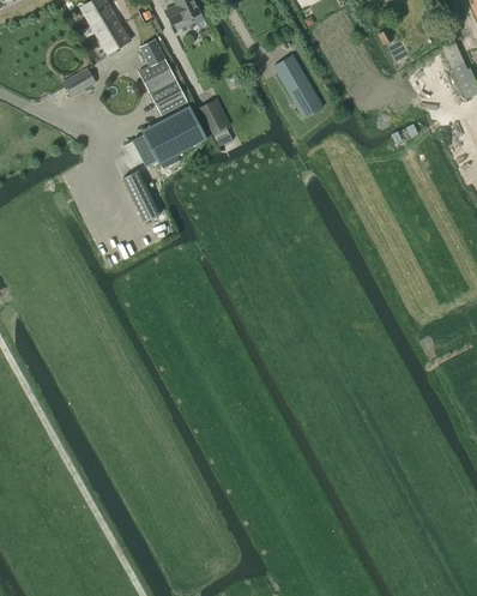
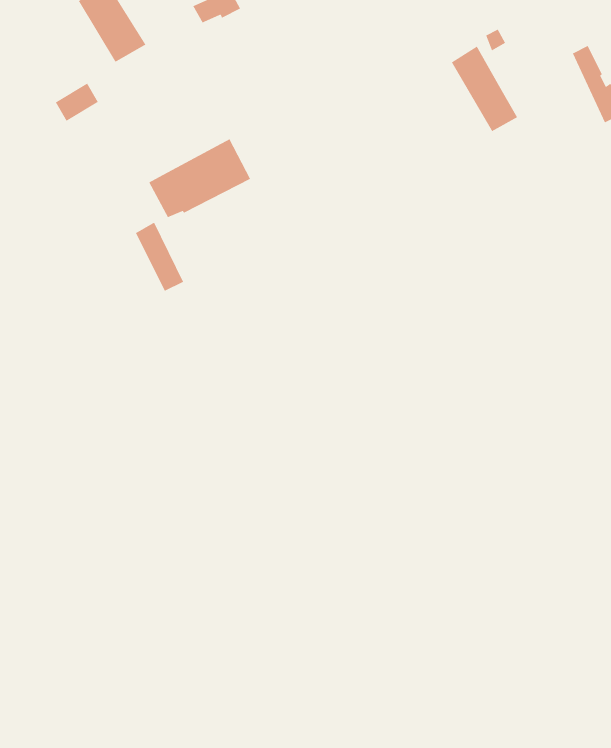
building: [138,40,187,115] -> none
building: [273,54,322,118] -> [451,46,518,132]
building: [200,98,230,133] -> none

